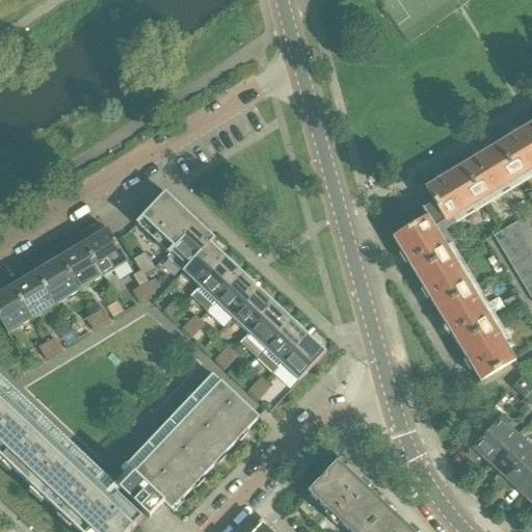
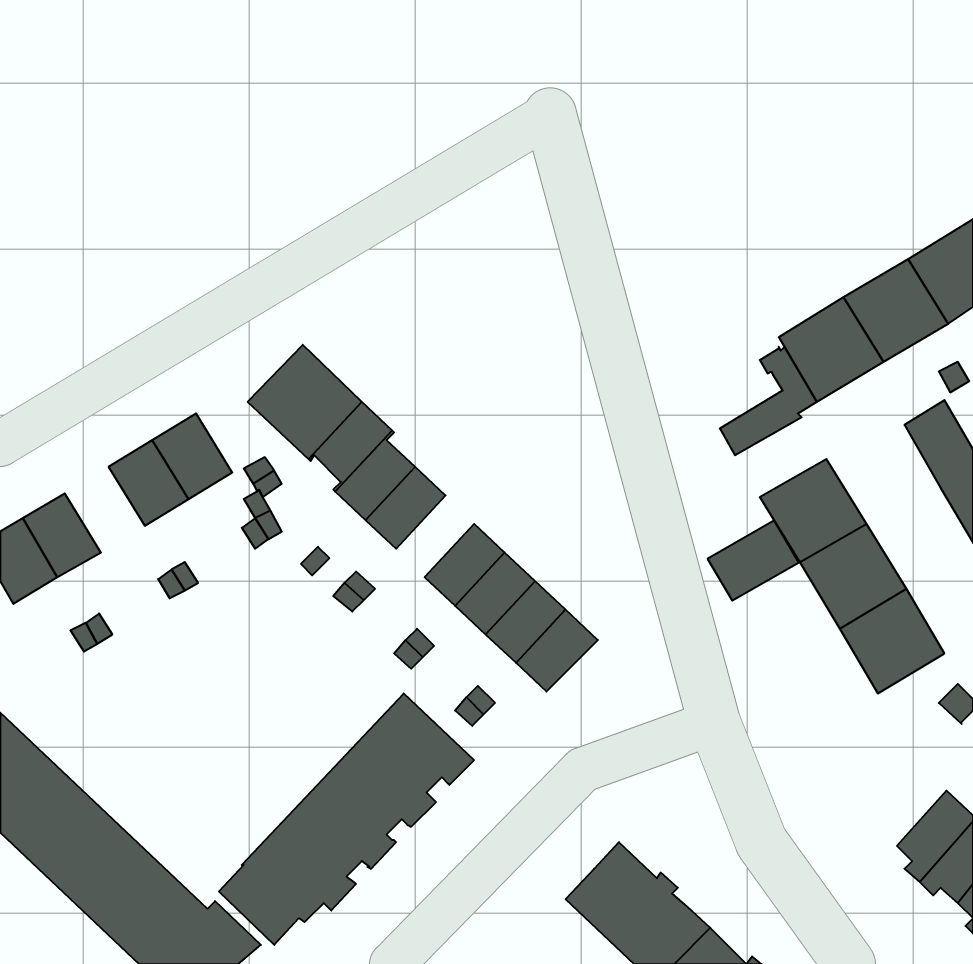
building: [401,228,451,271] -> [708,521,799,601]
building: [35,255,79,301] -> none
building: [216,270,259,315] -> none
building: [468,416,516,461] -> none

